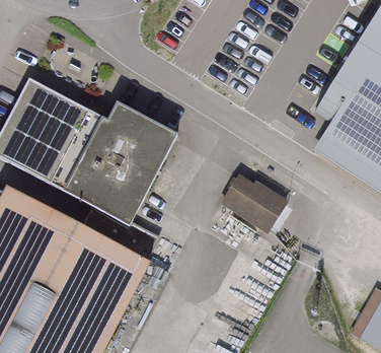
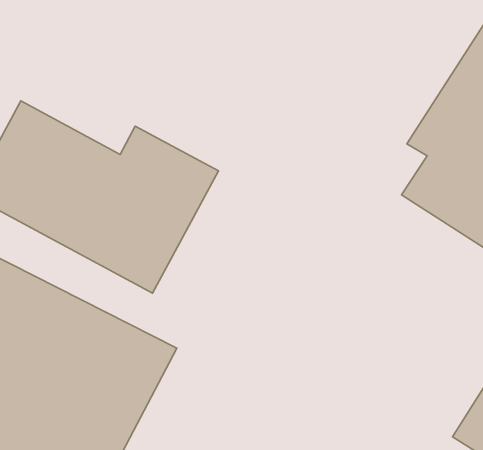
building: [222,166,290,233] -> none

